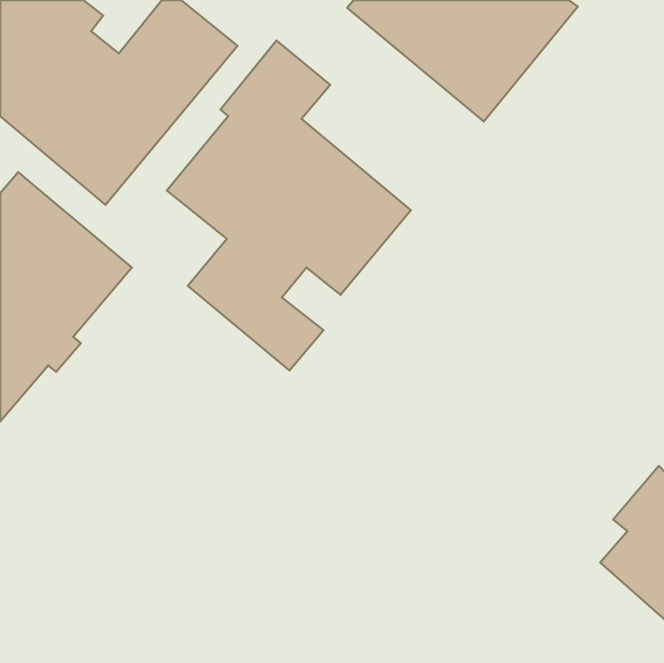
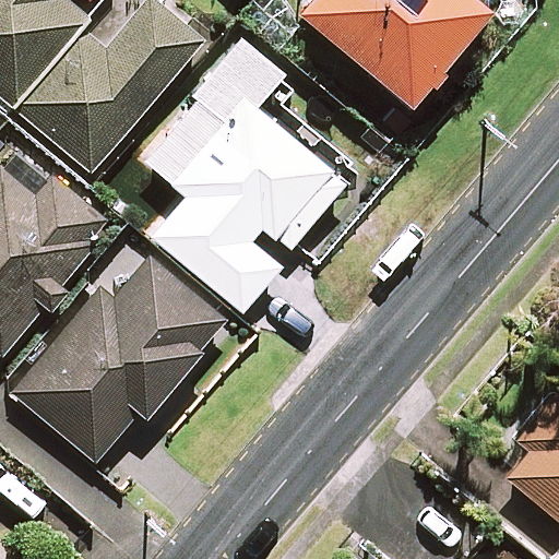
building: none -> [11,253,226,463]

